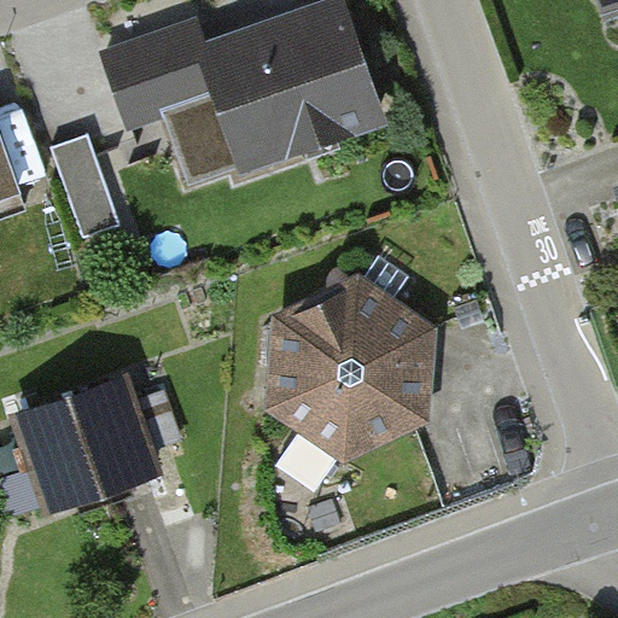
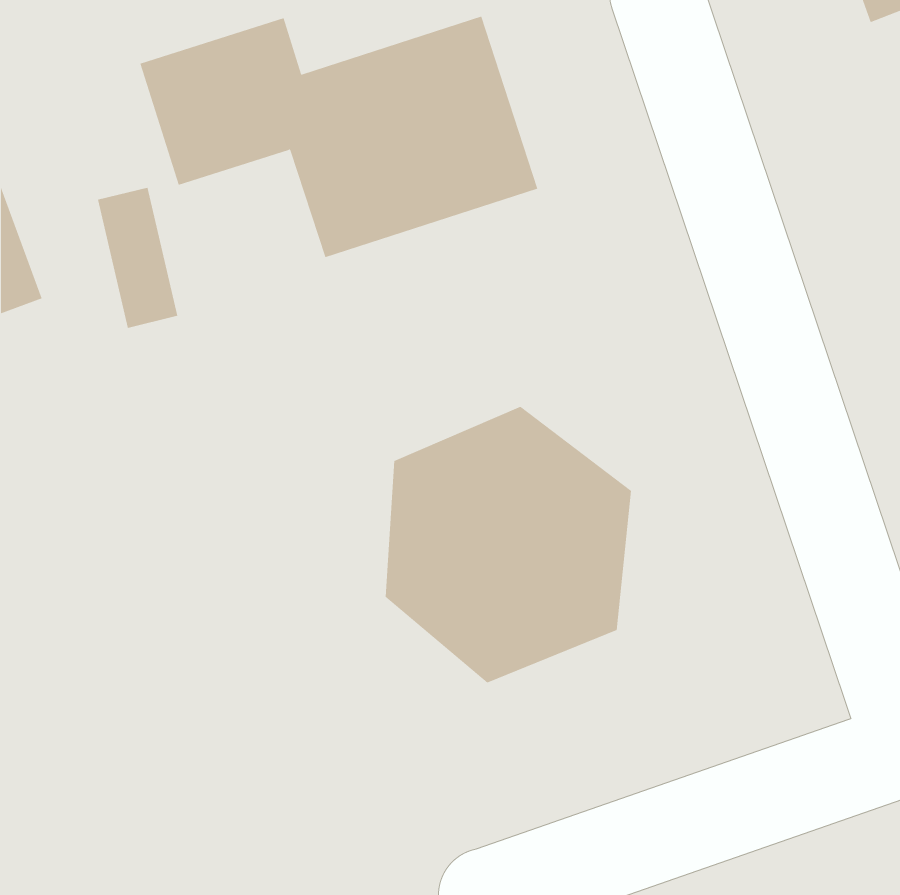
building: [18,384,168,511] -> none

